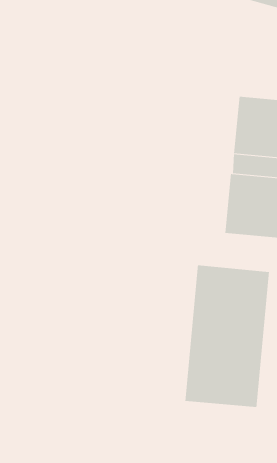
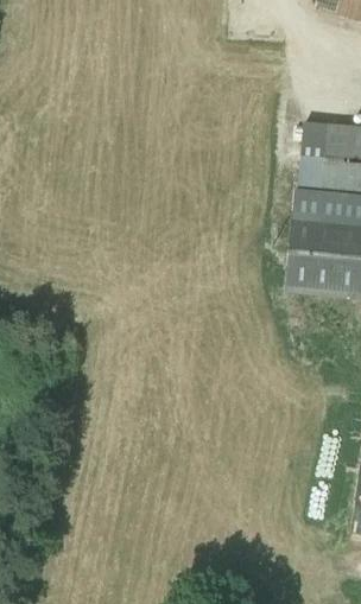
building: [185,264,269,408] -> none

